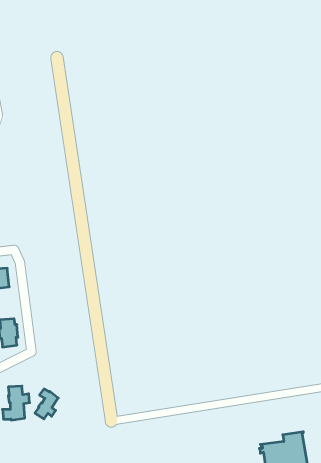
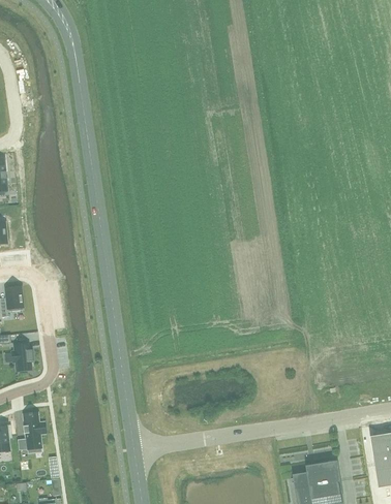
building: [35,389,58,419] -> none

